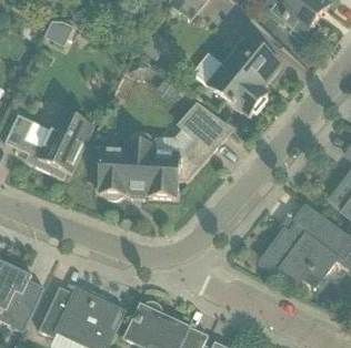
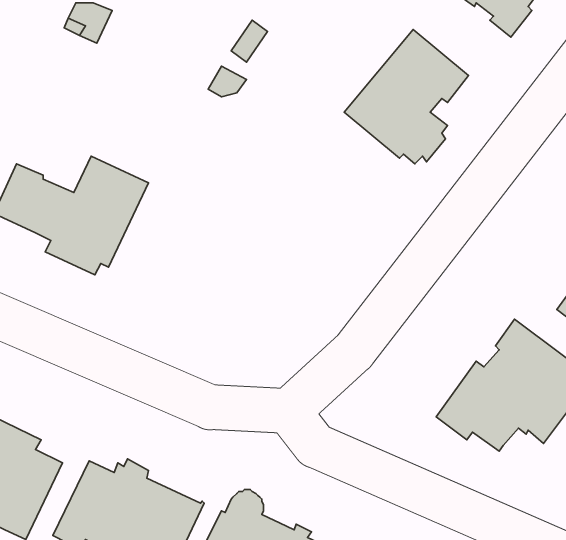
building: [97,102,231,197] -> none

